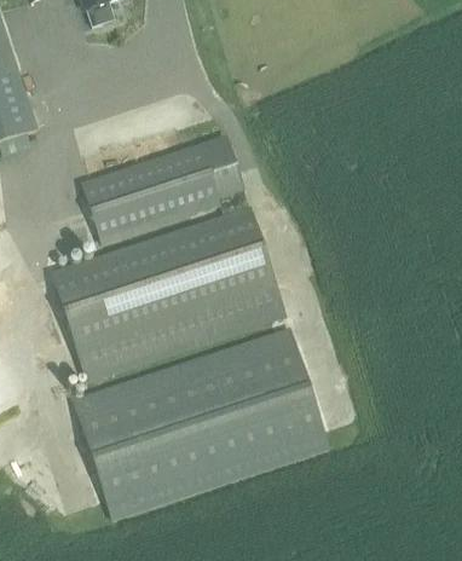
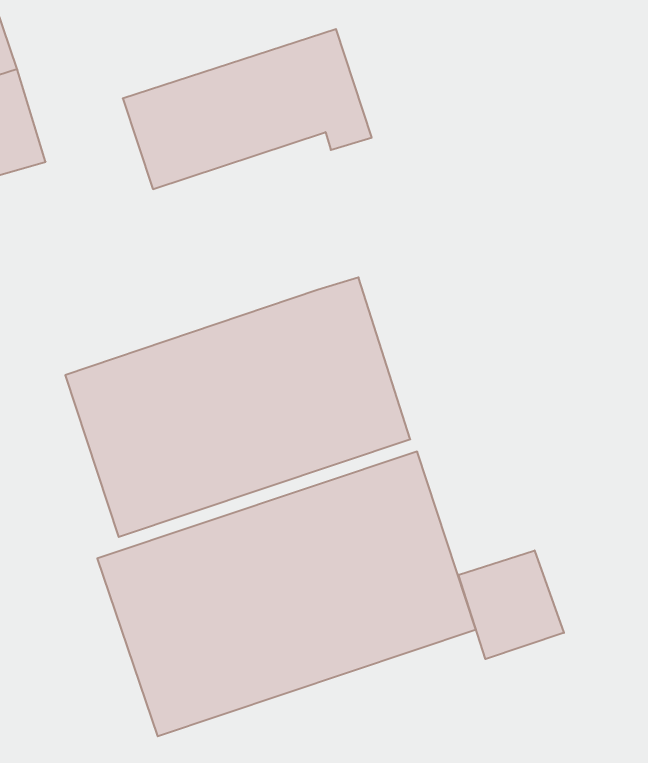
building: [81,134,250,243] -> [123,29,372,189]
building: none -> [459,550,564,659]

